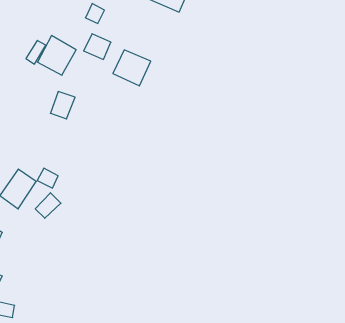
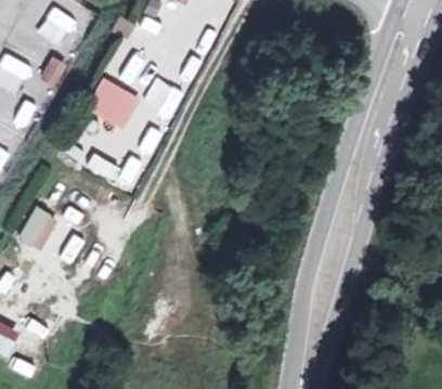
building: [37,36,76,75] -> [90,82,134,128]

